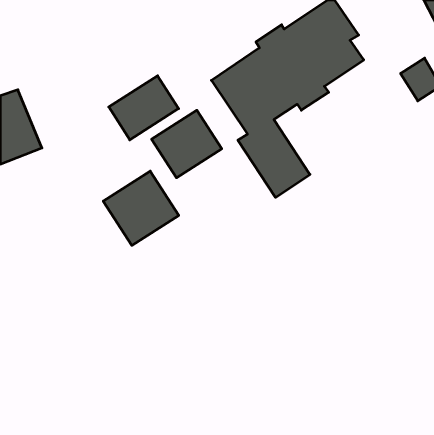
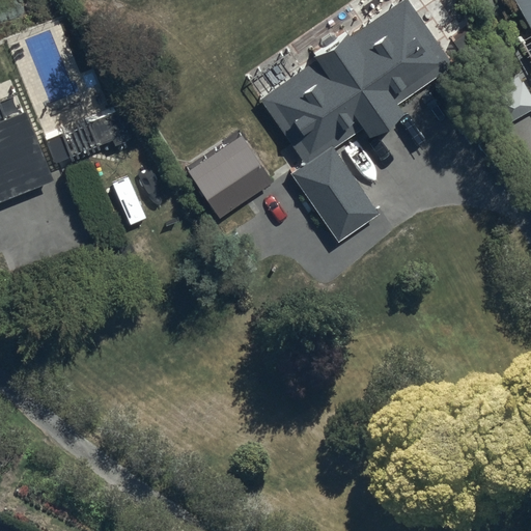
building: [109,76,179,140] -> none
building: [103,171,179,245] -> none

